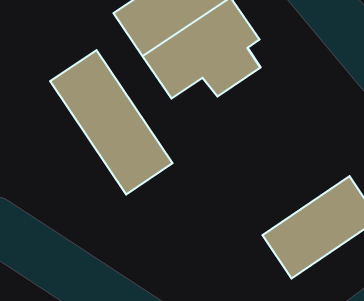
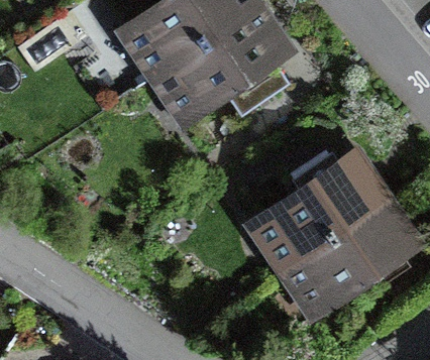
building: [50,50,172,195] -> none
building: none -> [258,153,384,263]

